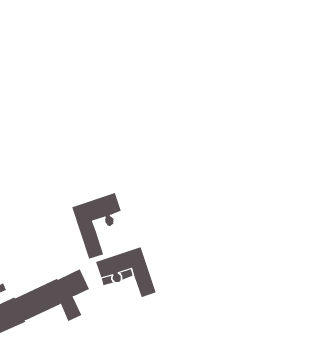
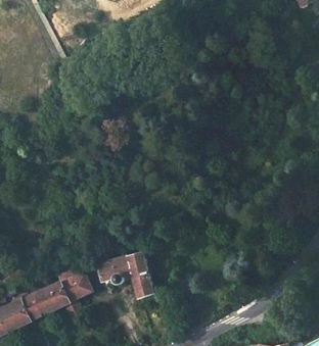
building: [71,192,121,260] -> none

